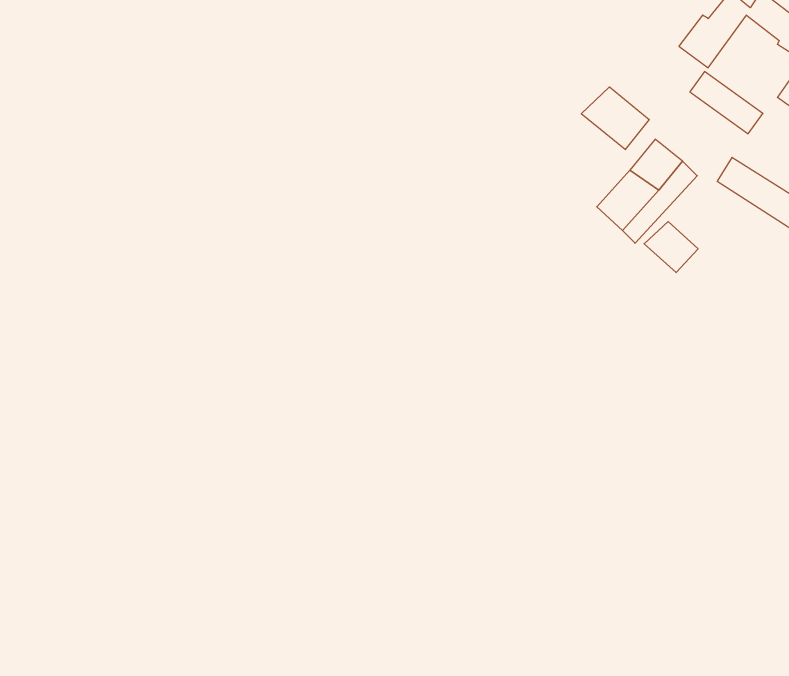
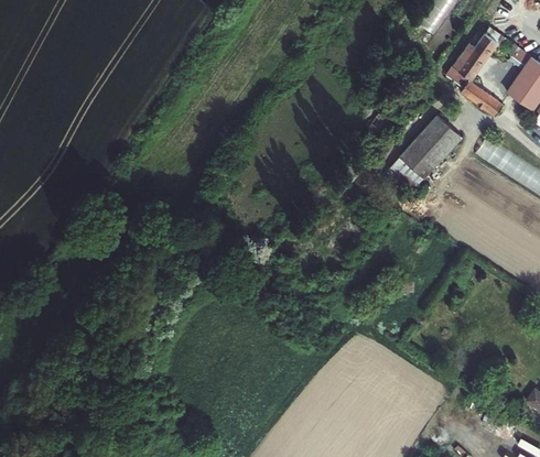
building: [581,87,649,150] -> none
building: [644,222,698,273] -> none

